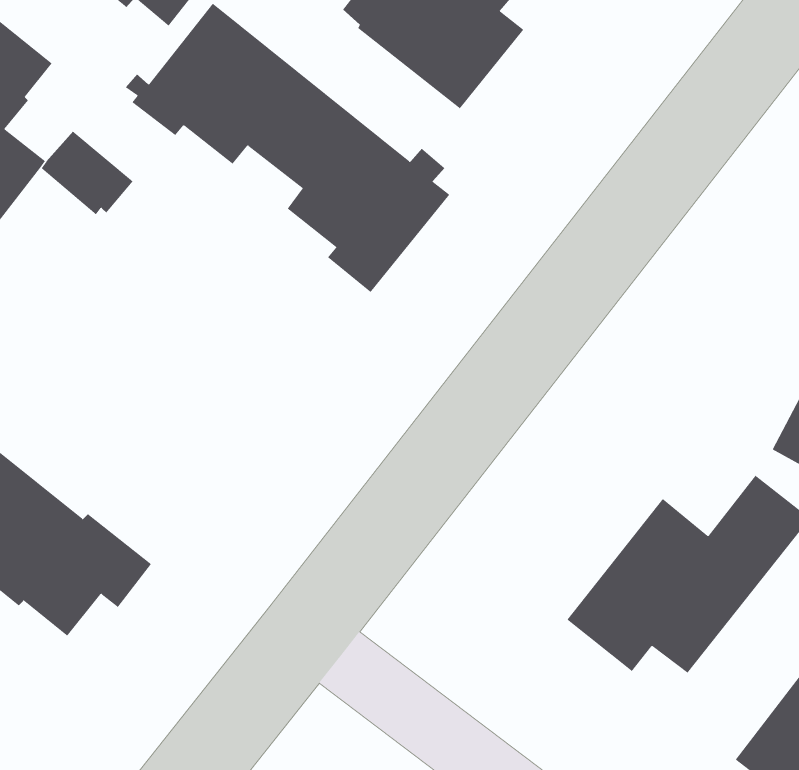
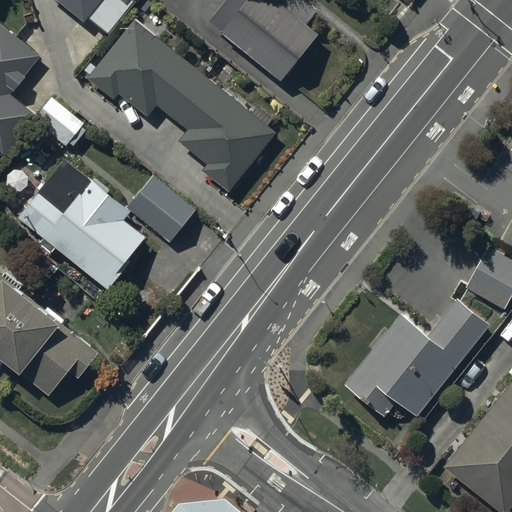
building: none -> [18,160,195,289]

